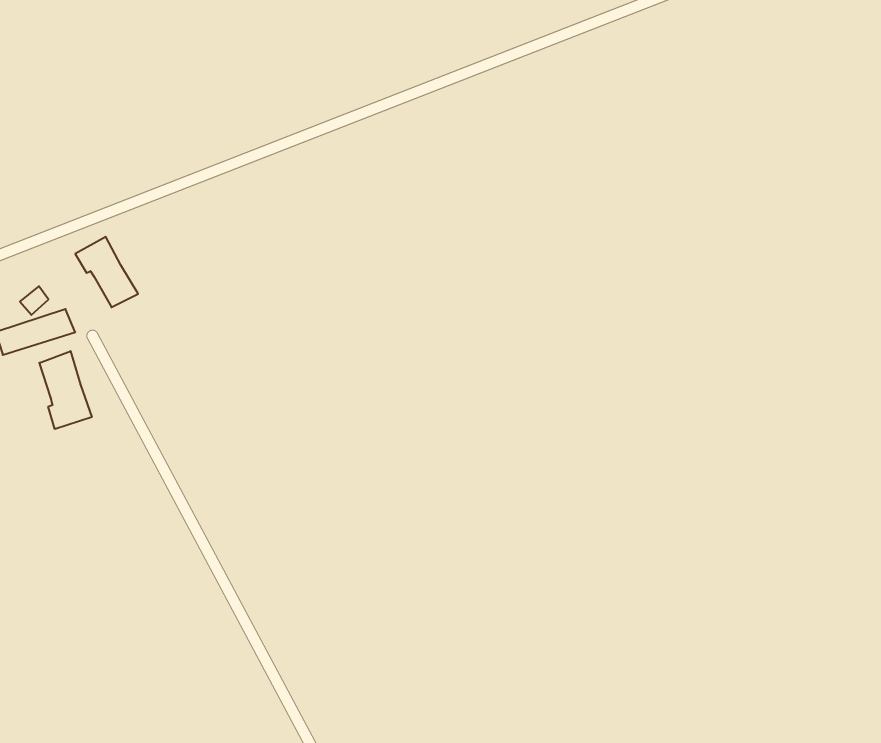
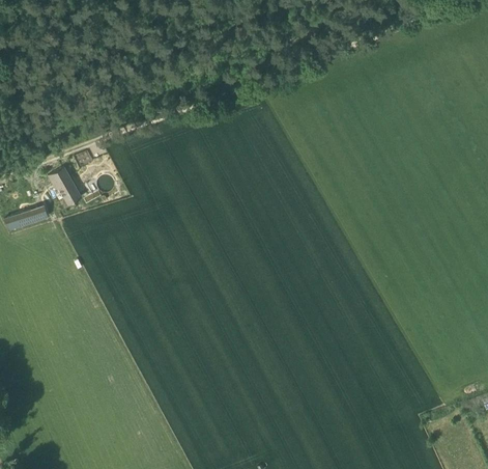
building: [39,351,92,429] -> none

